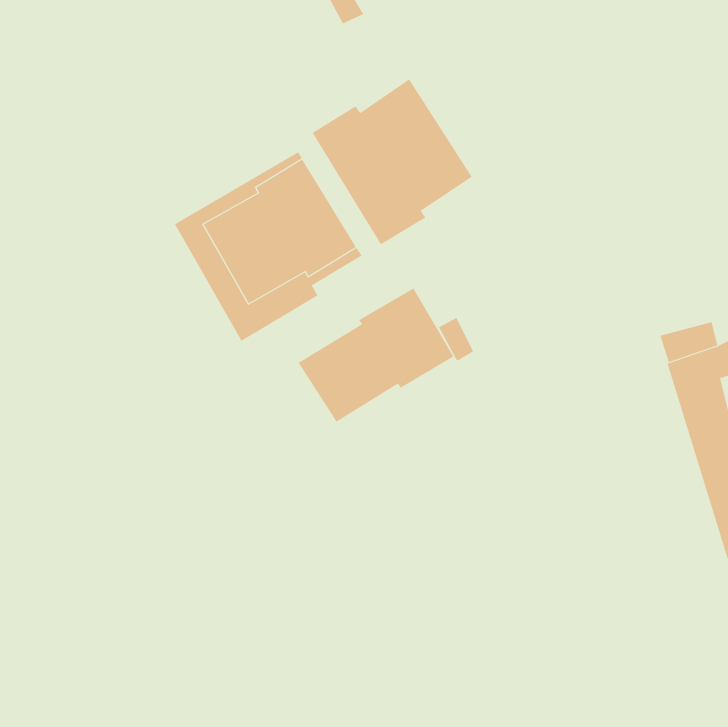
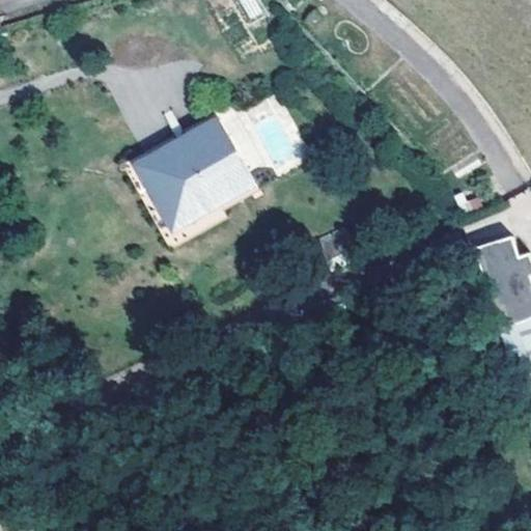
building: [312,79,473,245] -> none
building: [298,287,454,422] -> none

